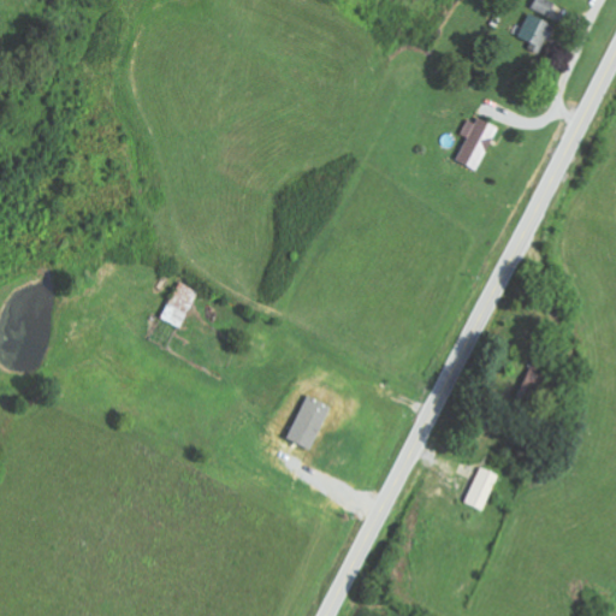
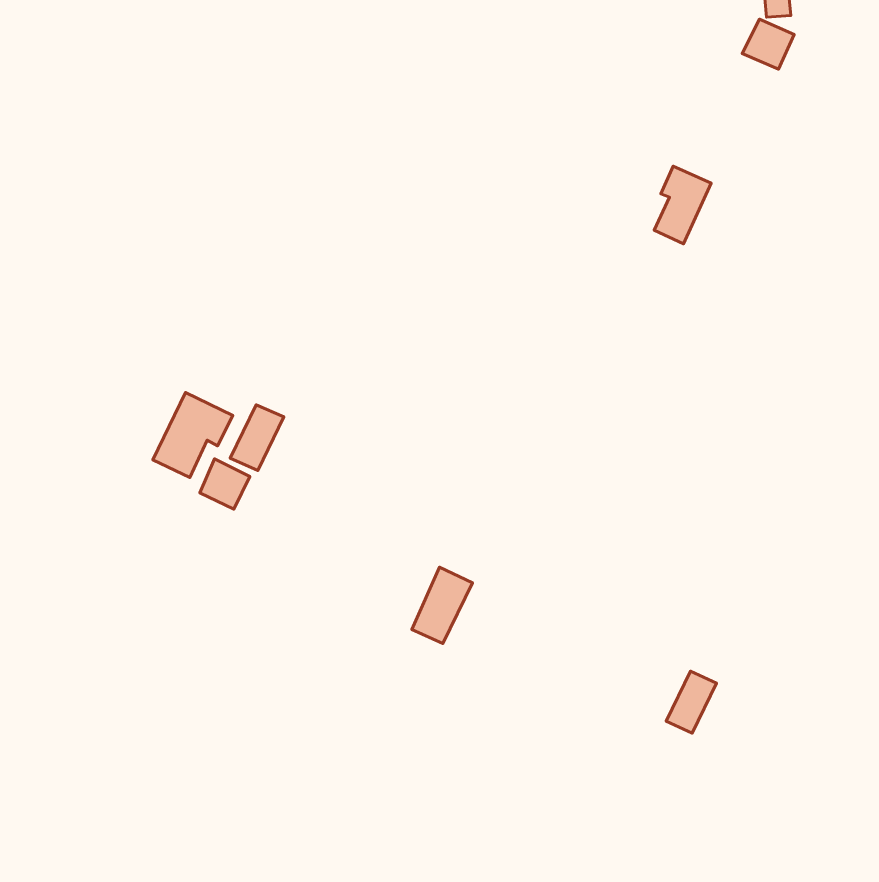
building: none -> [153,393,233,477]
building: none -> [200,459,250,509]

